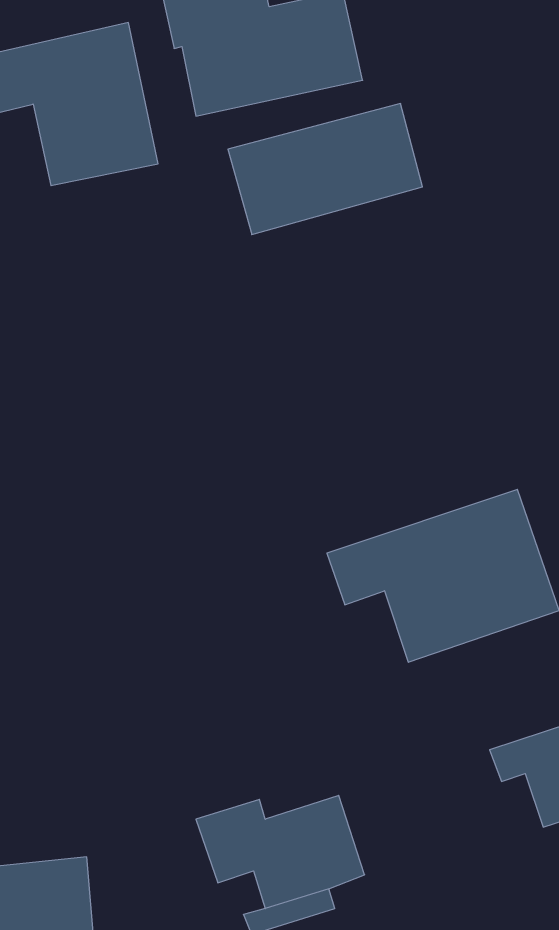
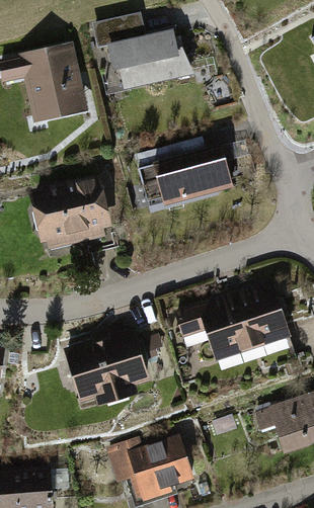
building: [228,104,422,235] -> [135,143,234,209]
building: none -> [26,174,111,251]
building: none -> [62,327,151,409]

